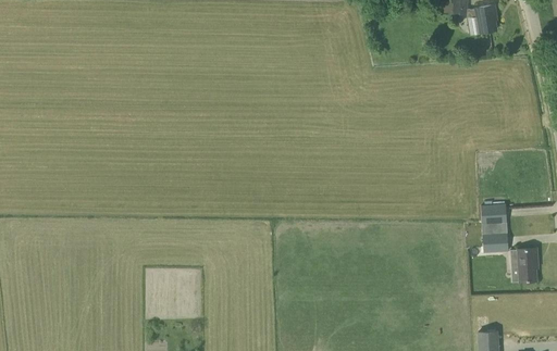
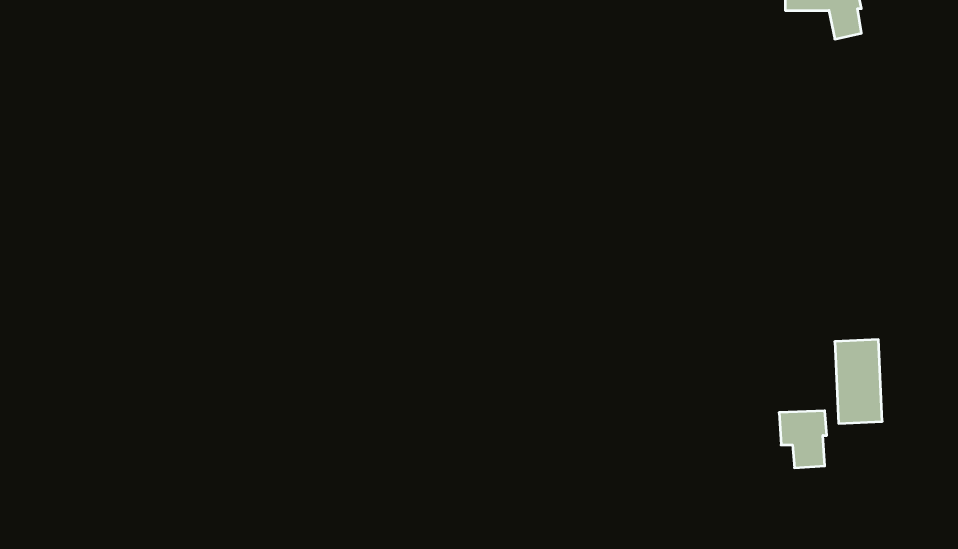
building: [510,248,537,280] -> [779,411,827,468]

